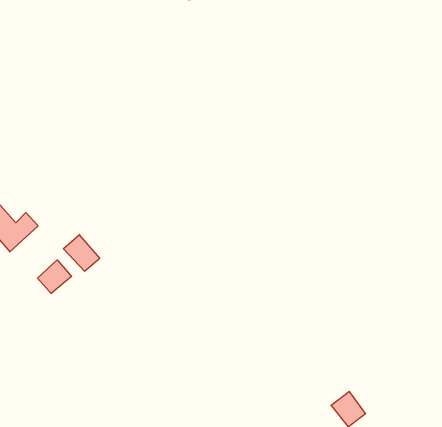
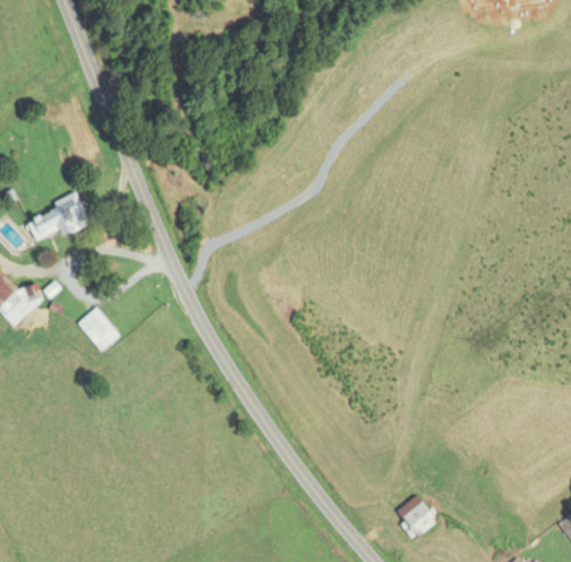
building: none -> [25,195,89,244]
building: [38,260,72,294] -> none

